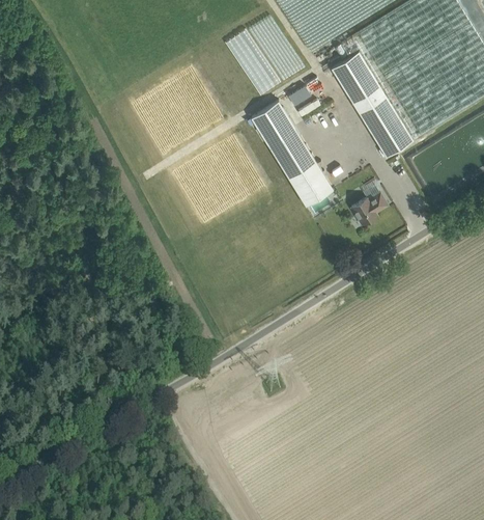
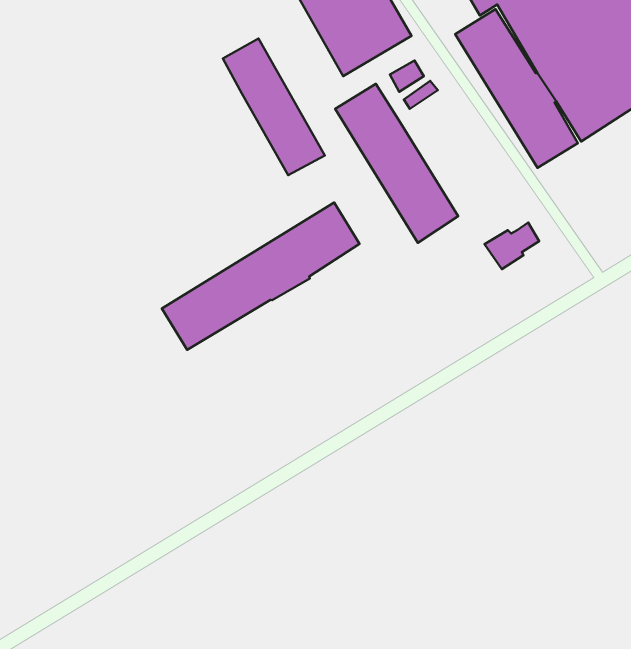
building: none -> [223,38,325,175]
building: none -> [162,202,360,350]

